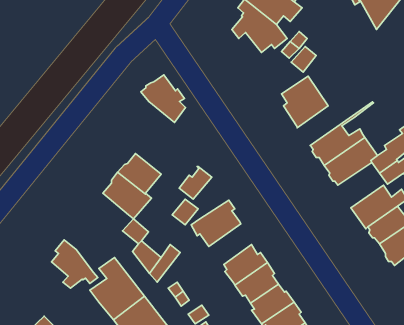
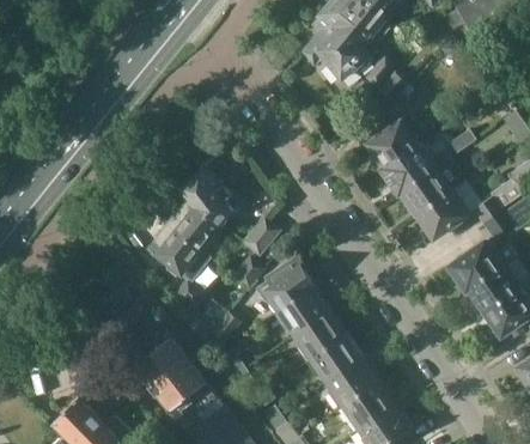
building: [141,75,186,122] -> [179,170,233,227]
building: none -> [382,129,475,196]
building: none -> [278,287,329,336]
building: [51,240,98,288] -> none

